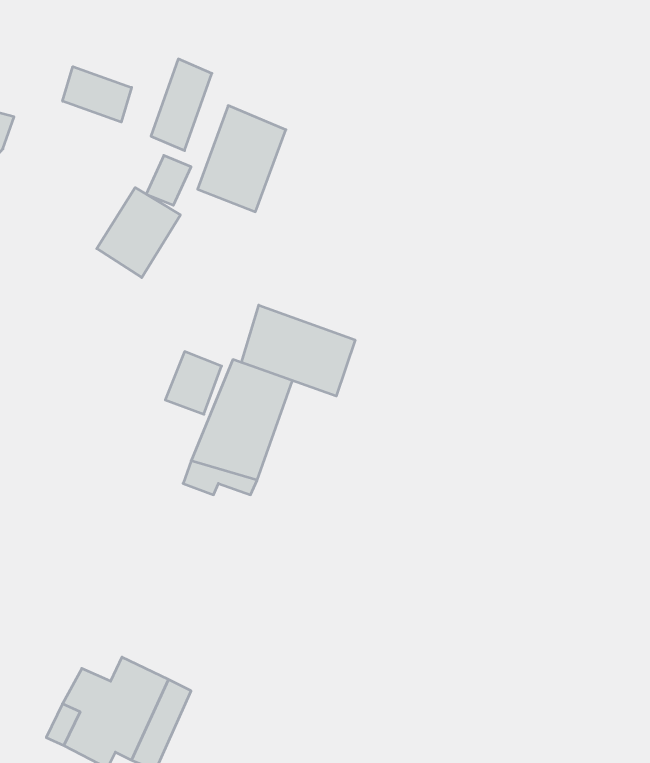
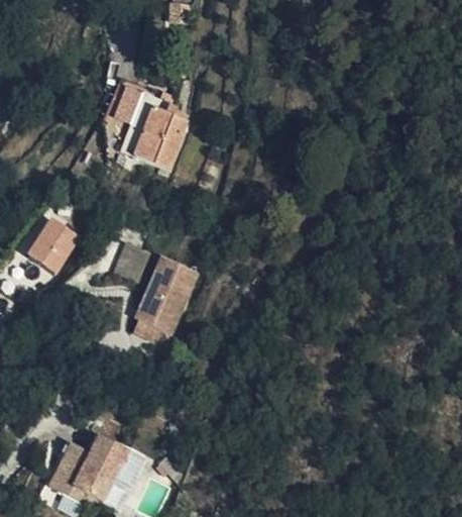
building: [63,67,132,122] -> none
building: [97,188,180,278] -> [30,225,83,282]
building: [241,305,355,396] -> none

